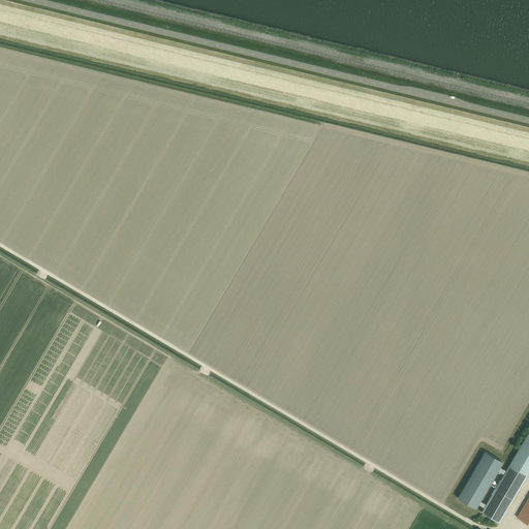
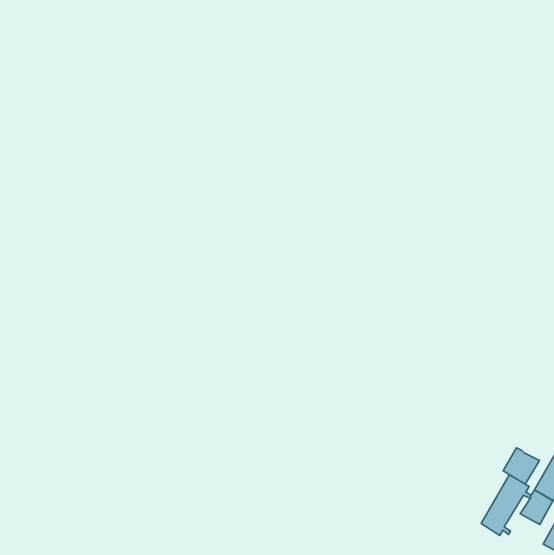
building: none -> [503,448,540,484]
building: [483,489,515,523] -> none

